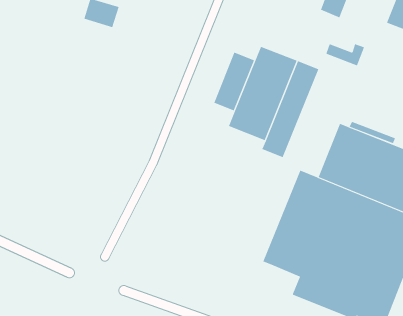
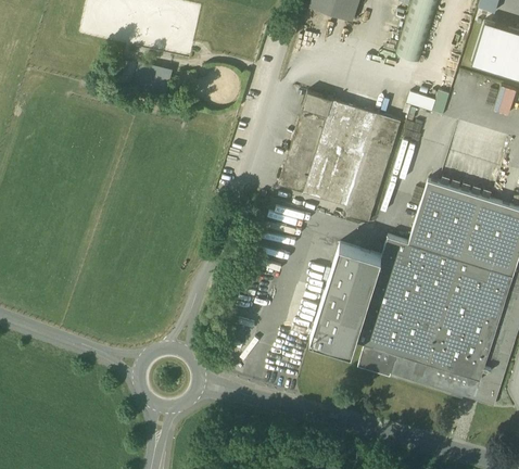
building: none -> [304,93,333,117]
building: none -> [280,168,309,193]
building: none -> [309,243,381,352]
building: none -> [357,344,396,378]

